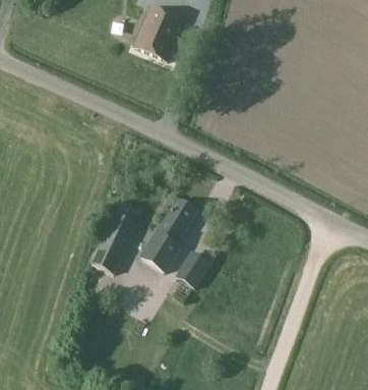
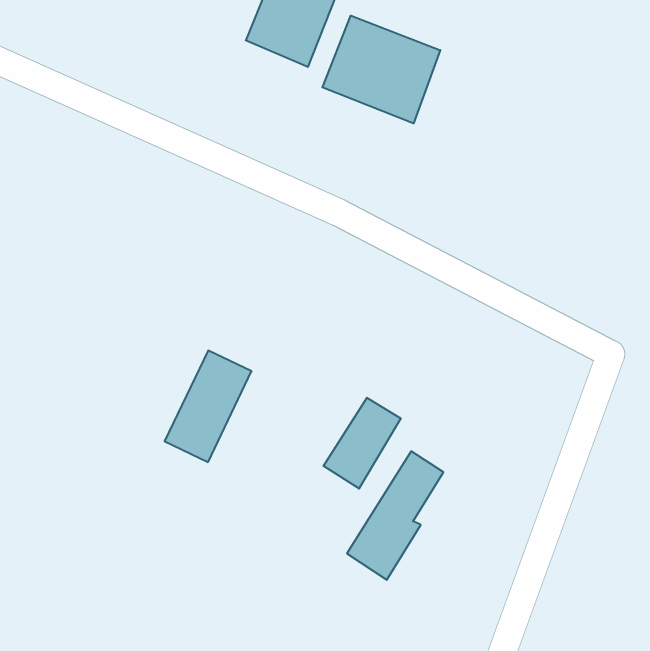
building: none -> [322,16,440,123]
building: [143,198,195,267] -> [347,451,443,580]

